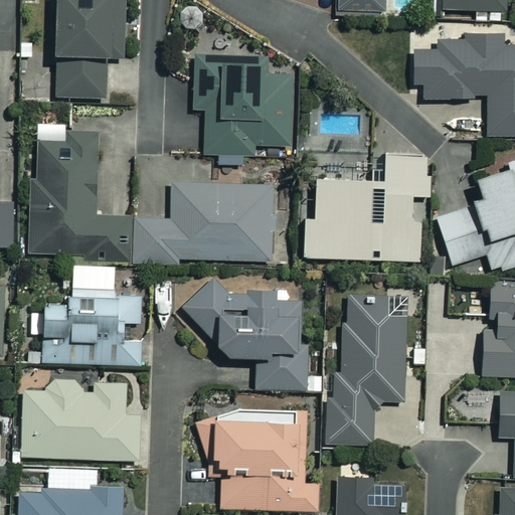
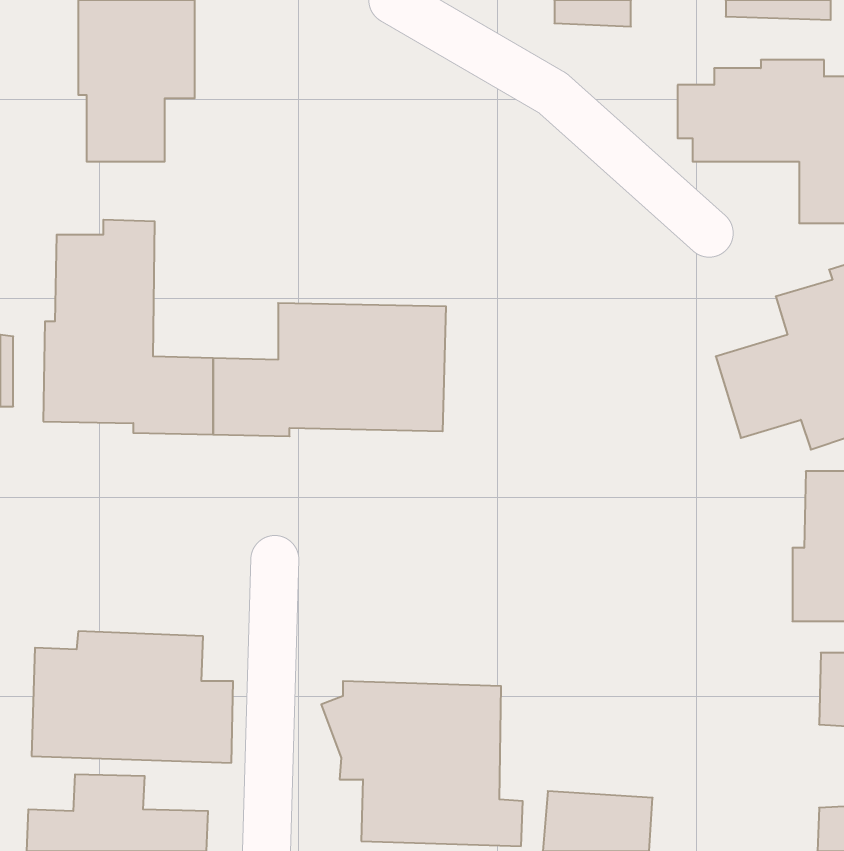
building: [194,55,291,156] -> none
building: [304,158,431,261] -> none
building: [181,280,308,391] -> none
building: [41,293,146,364] -> none
building: [324,300,405,445] -> none

